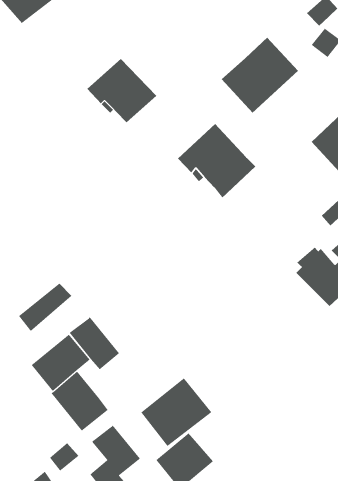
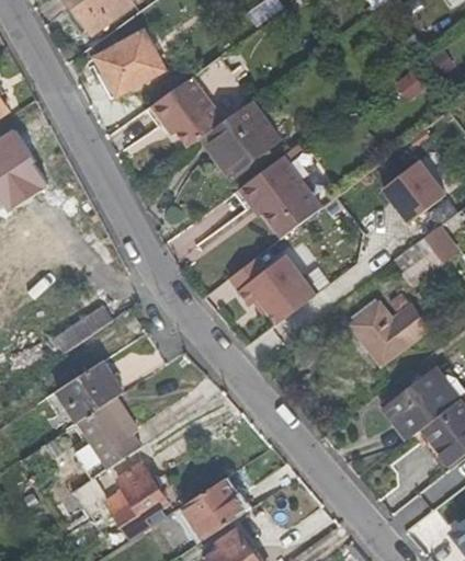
building: none -> [95,30,165,98]
building: [221,37,299,113] -> [196,102,280,181]
building: none -> [236,254,314,323]
building: [69,316,120,370] -> none
building: [141,378,212,447] -> none

